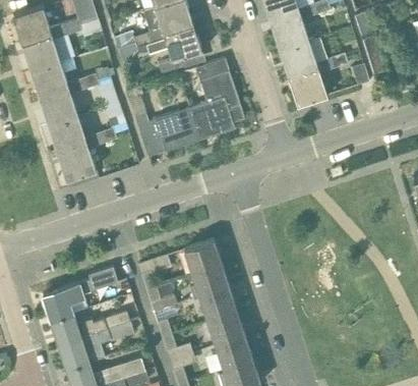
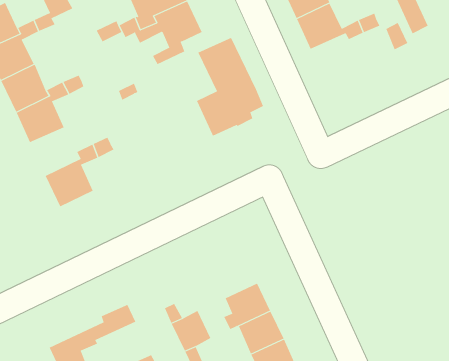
building: [288,69,327,107] -> none
building: [134,109,199,159] -> none
building: [48,117,87,155] -> none
building: [184,240,221,274] -> none

